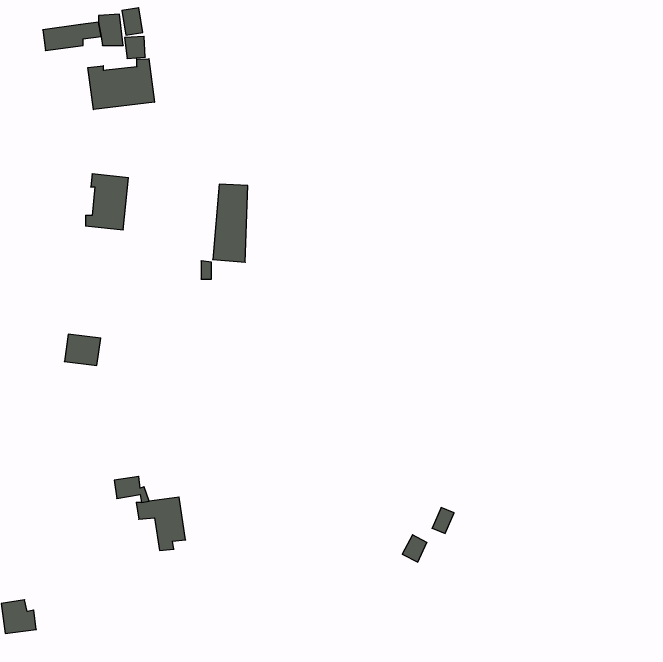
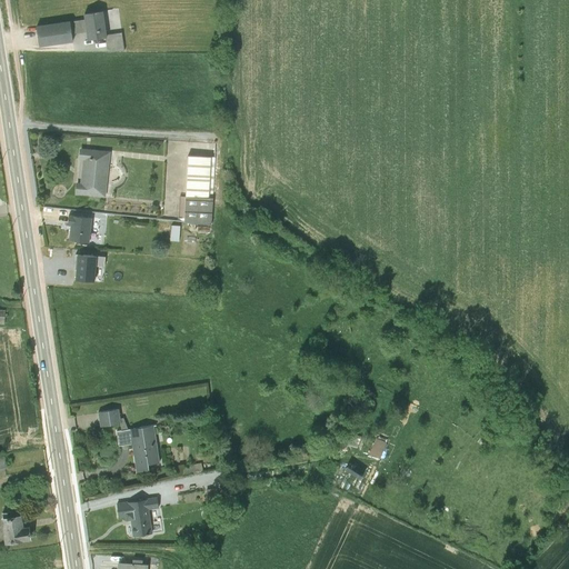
building: [88,59,154,110] -> none
building: none -> [66,216,91,246]
building: [64,334,101,365] -> [73,256,104,282]
building: none -> [116,497,159,536]

